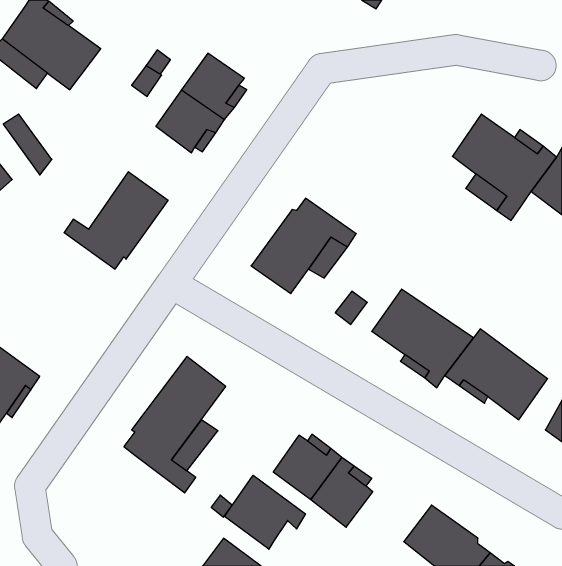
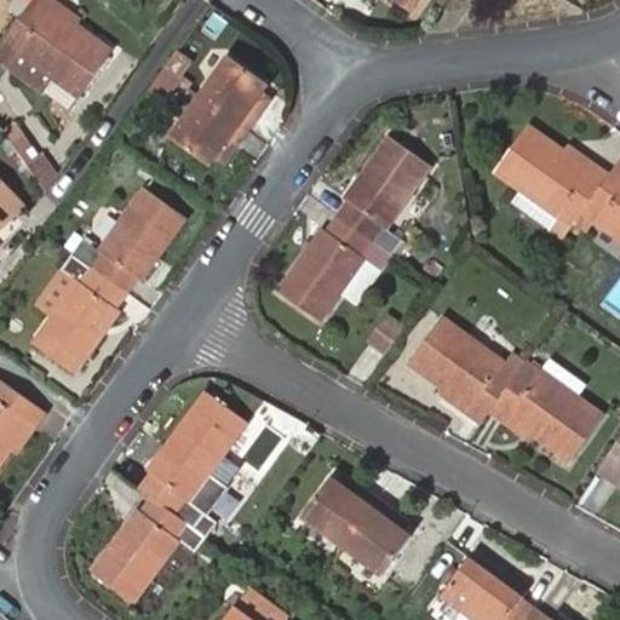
building: none -> [334,136,429,256]
building: none -> [30,254,126,375]
building: none -> [90,498,202,604]
building: [224,475,306,549] -> none

